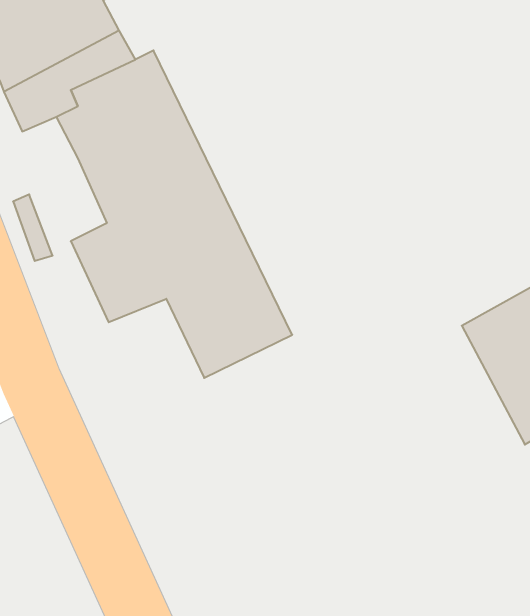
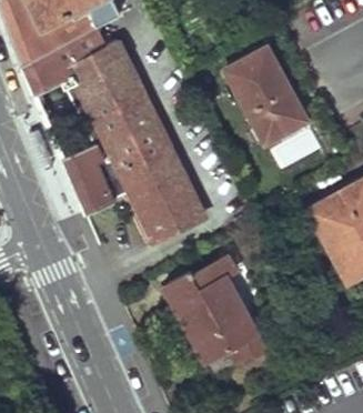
building: none -> [209,47,304,143]
building: none -> [161,258,264,381]

